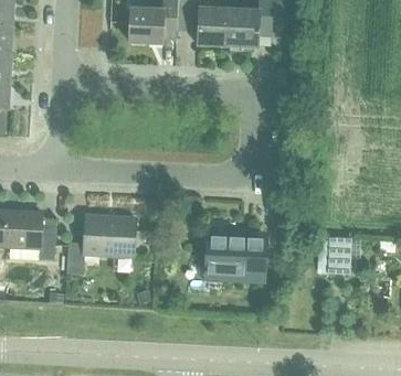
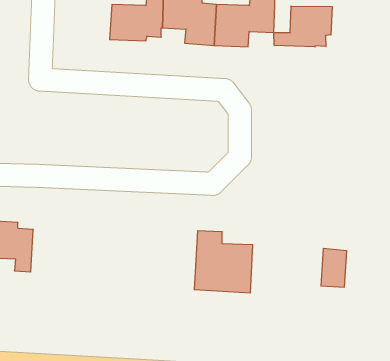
building: none -> [274,6,332,47]
building: [67,215,136,275] -> none

